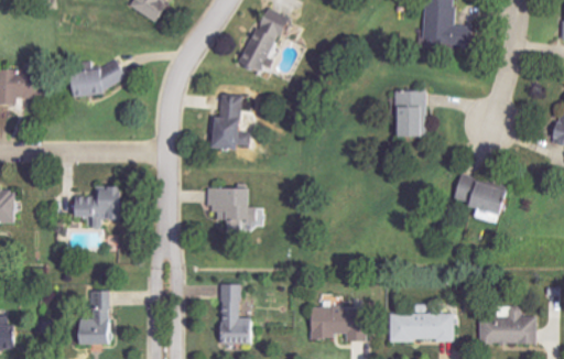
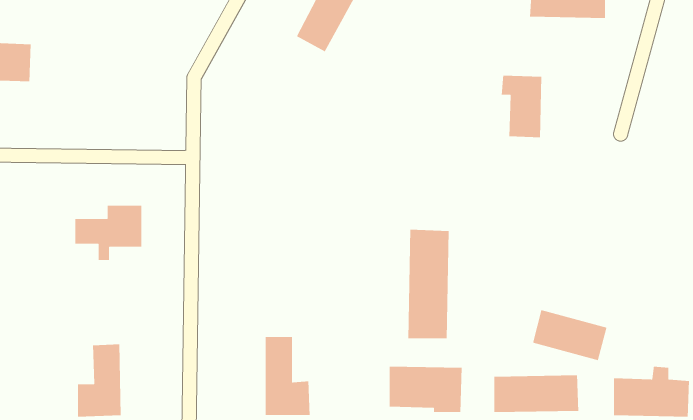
building: [72,59,126,93] -> none
building: [215,95,249,148] -> none
building: [454,175,510,214] -> [532,309,607,361]
building: [206,187,258,231] -> none
building: none -> [407,229,450,339]

